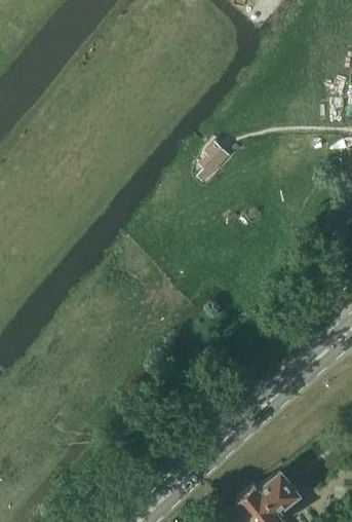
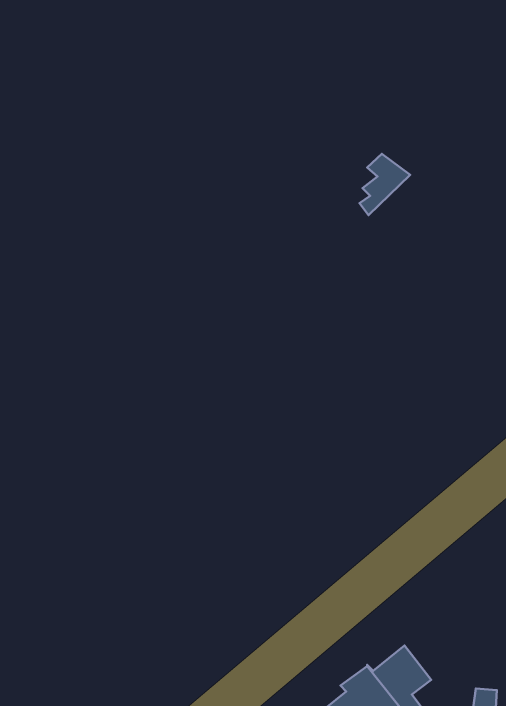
building: [198,144,233,186] -> [360,154,410,215]

